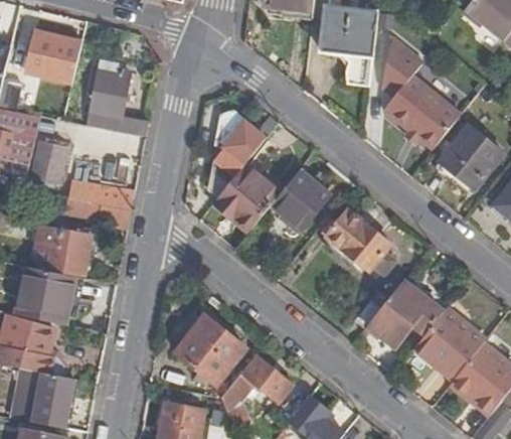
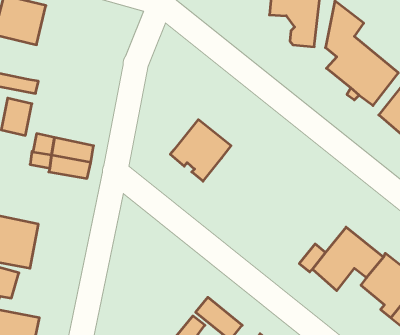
building: [84,58,147,137] -> none
building: [209,112,267,196] -> none
building: [271,169,330,230] -> none
building: [327,208,395,273] -> none
building: [36,227,91,272] -> none
building: [176,315,245,385] -> none

